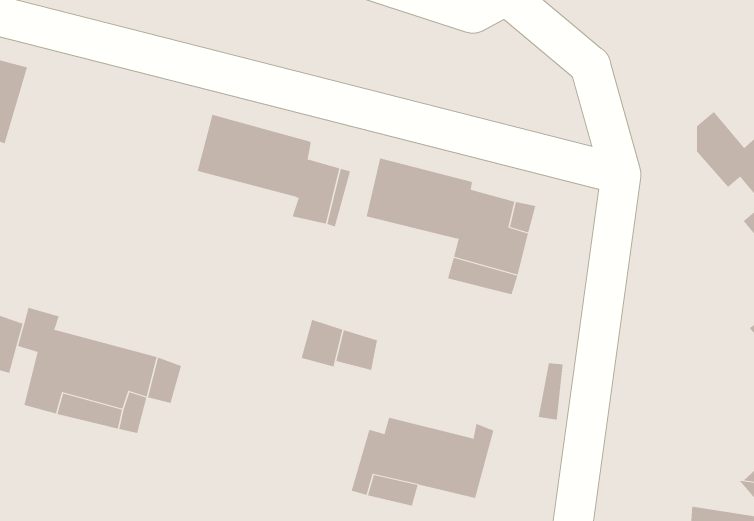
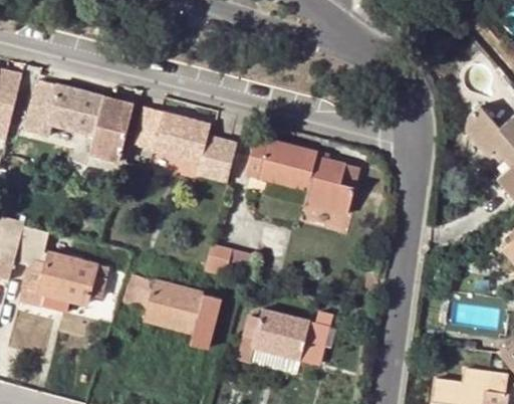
building: none -> [28,80,138,164]
building: none -> [124,274,220,347]

